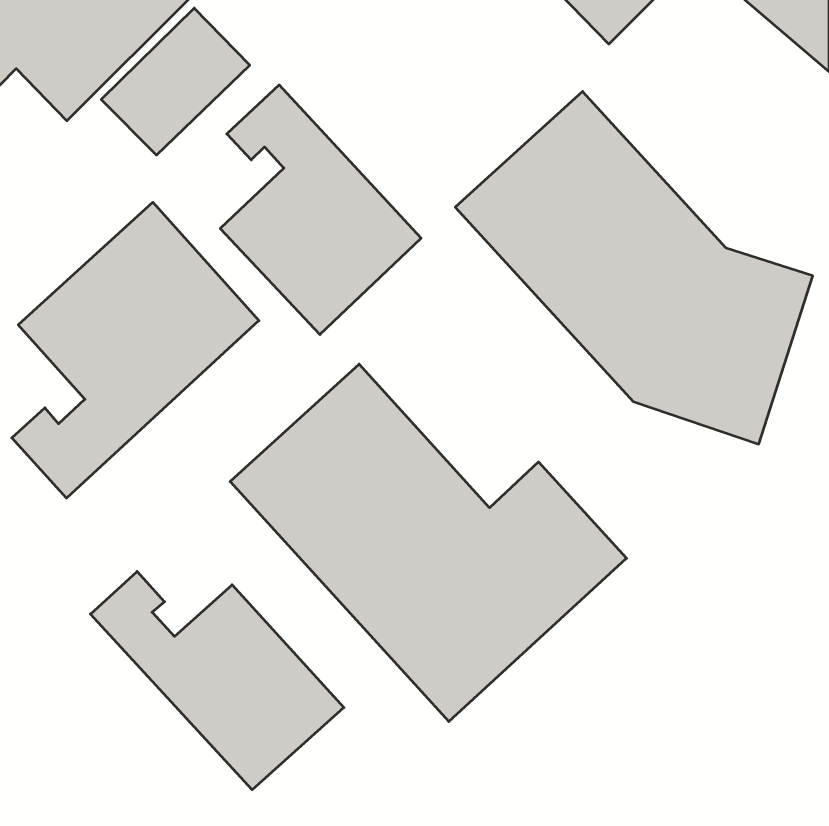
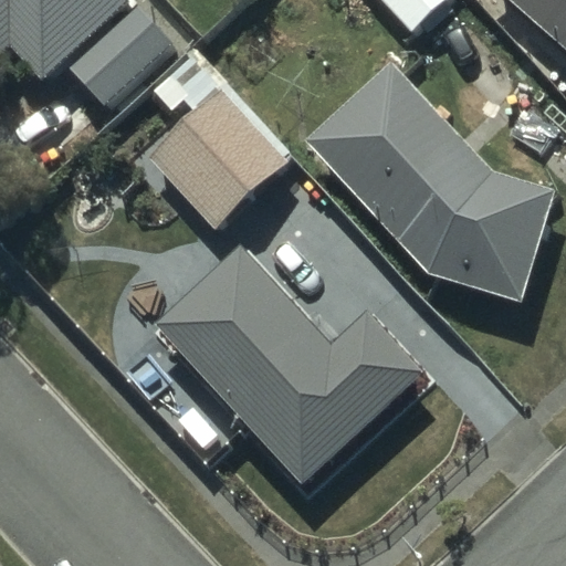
building: [12,202,259,498] -> none
building: [90,571,344,790] -> none

